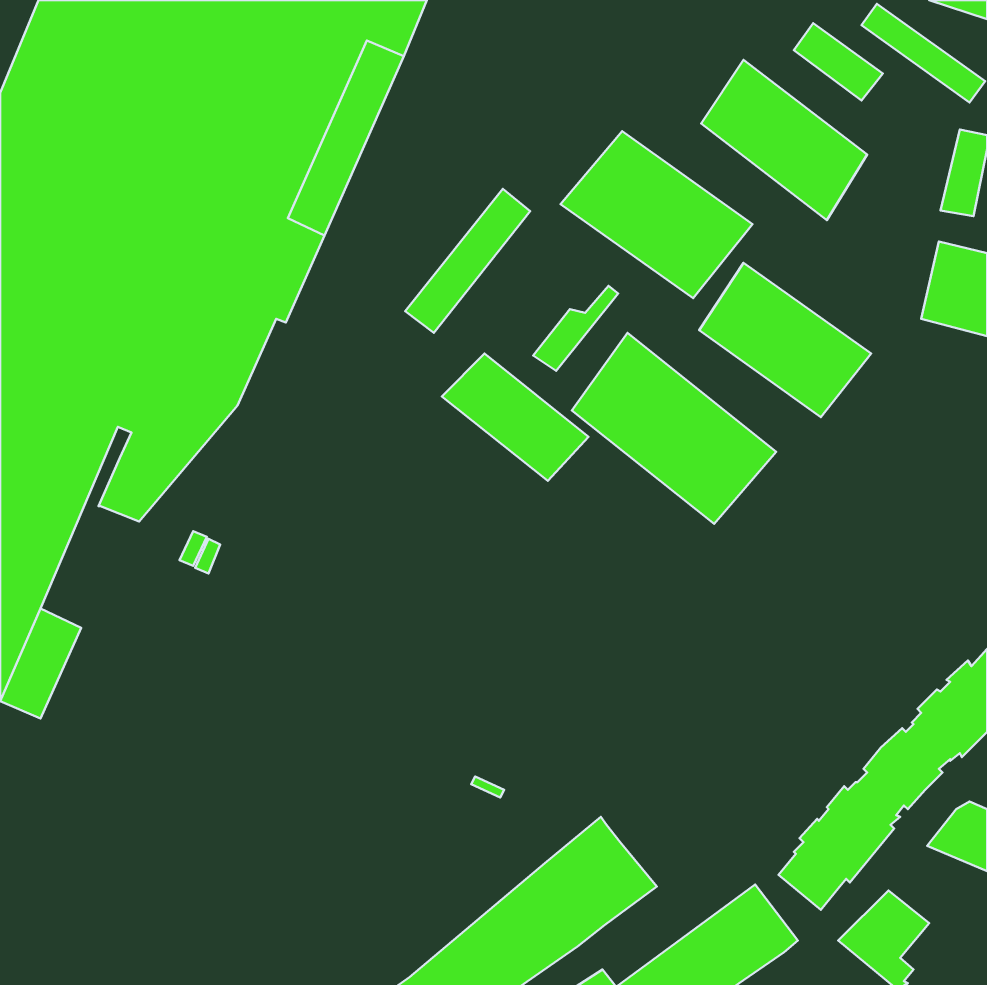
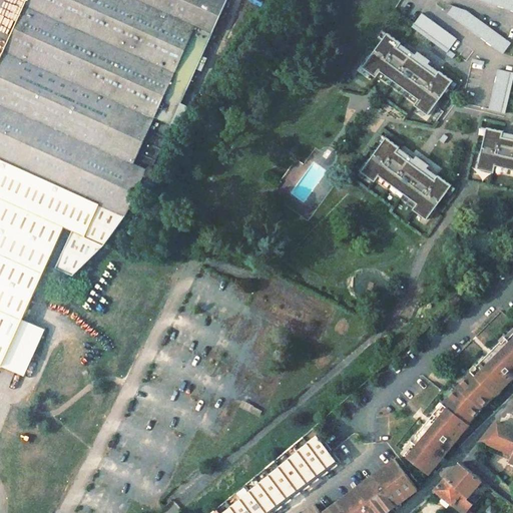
building: [560,131,753,298] -> none
building: [405,189,530,333] -> none
building: [572,333,776,524] -> none
building: [442,354,588,481] -> none

